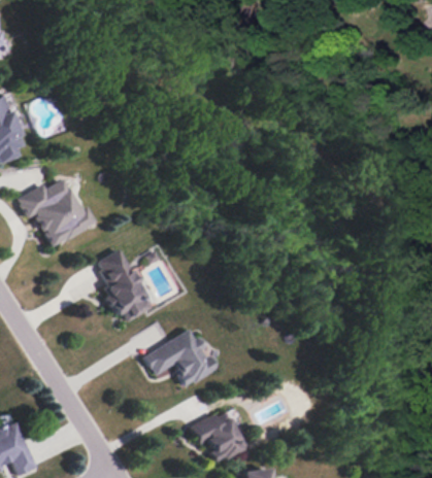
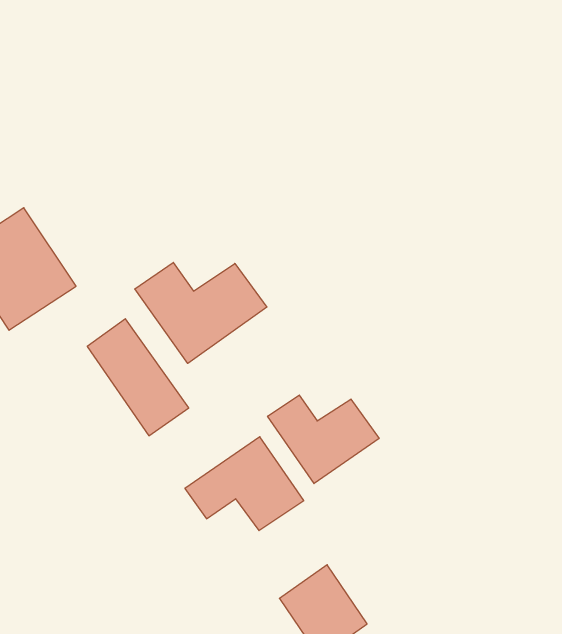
building: none -> [135,262,267,363]
building: none -> [268,395,379,484]

